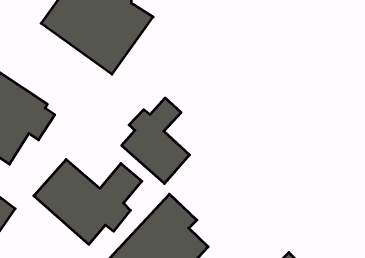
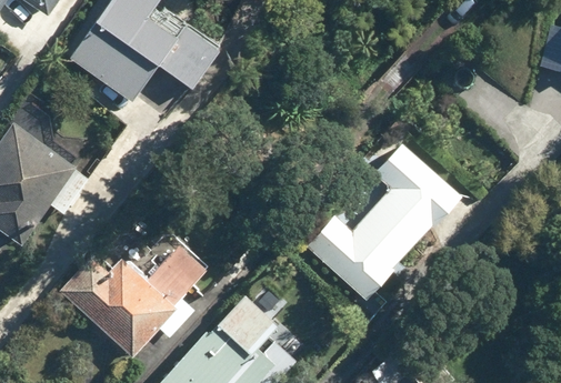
building: none -> [302,133,464,300]
building: [122,98,190,184] -> none

